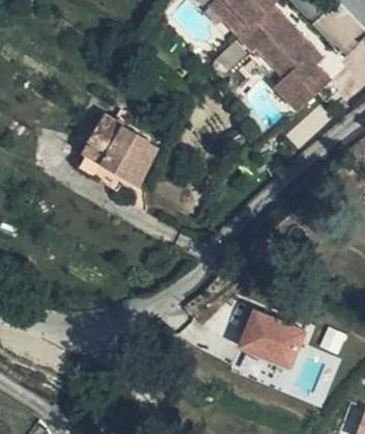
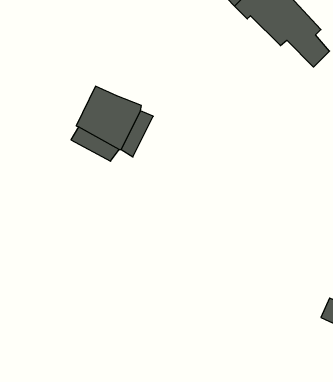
building: [274,71,315,112] -> none
building: [244,305,305,358] -> none

